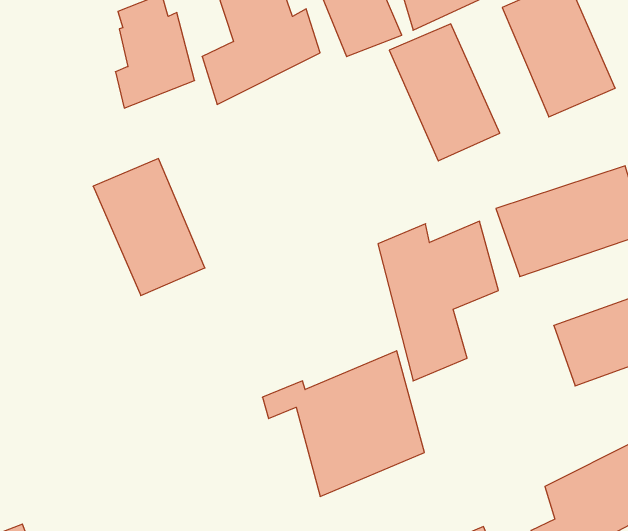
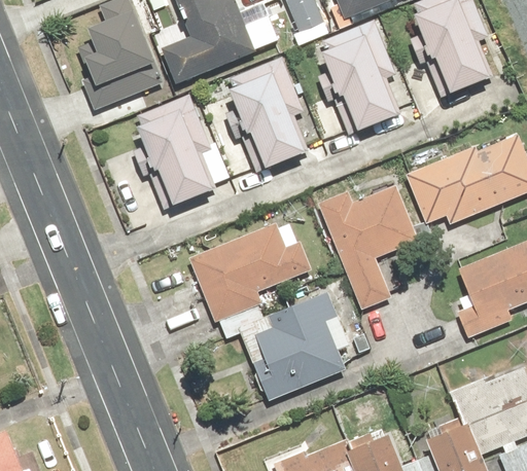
building: none -> [229,56,318,172]
building: [93,159,205,296] -> [132,97,223,209]
building: none -> [188,222,307,322]

